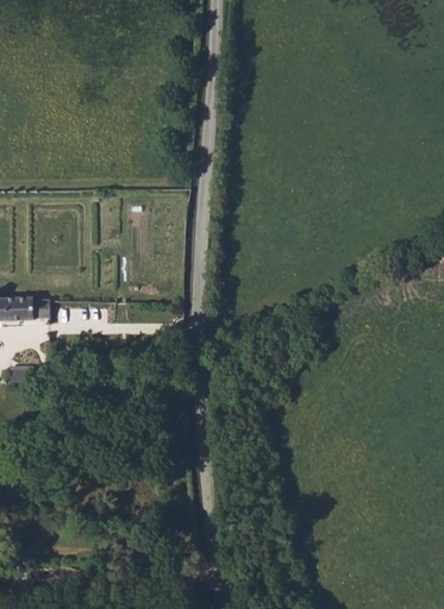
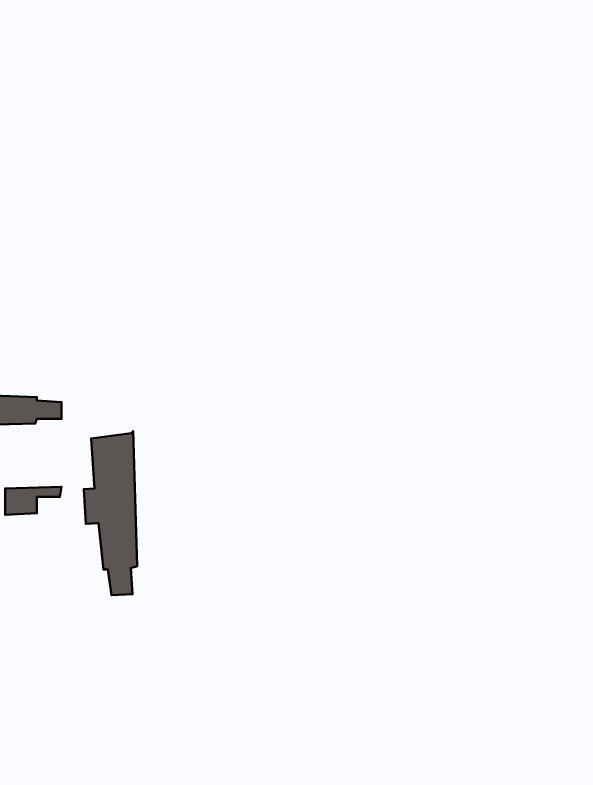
building: none -> [84,431,137,595]

